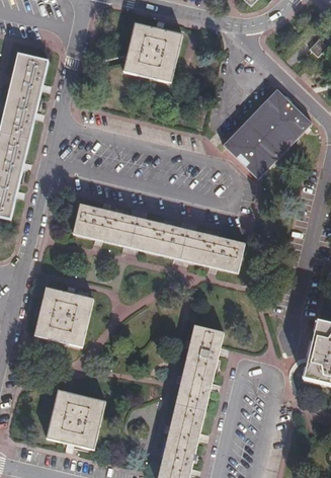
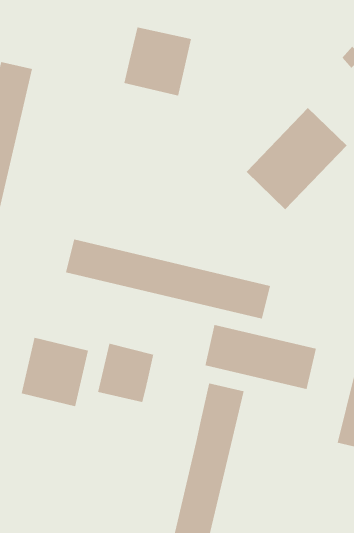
building: none -> [205,324,316,390]
building: none -> [98,343,154,403]
building: [47,388,104,447] -> none

